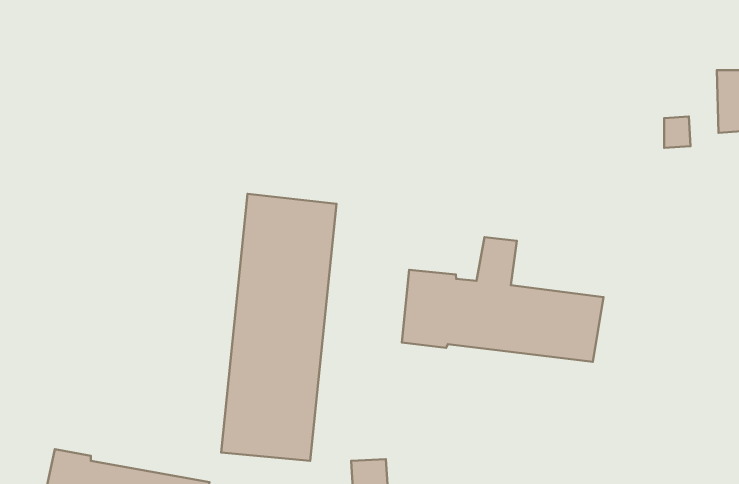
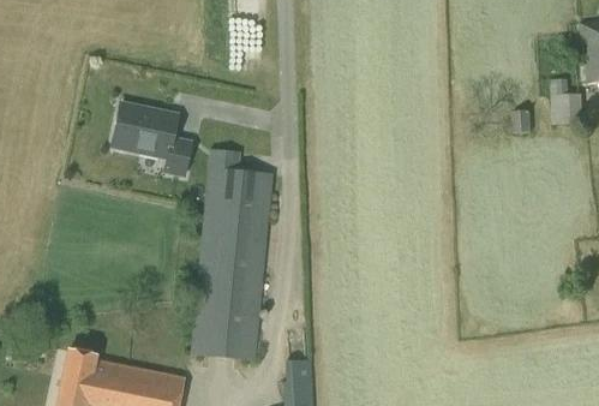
building: none -> [110,103,191,174]
building: [402,237,603,362] -> none

